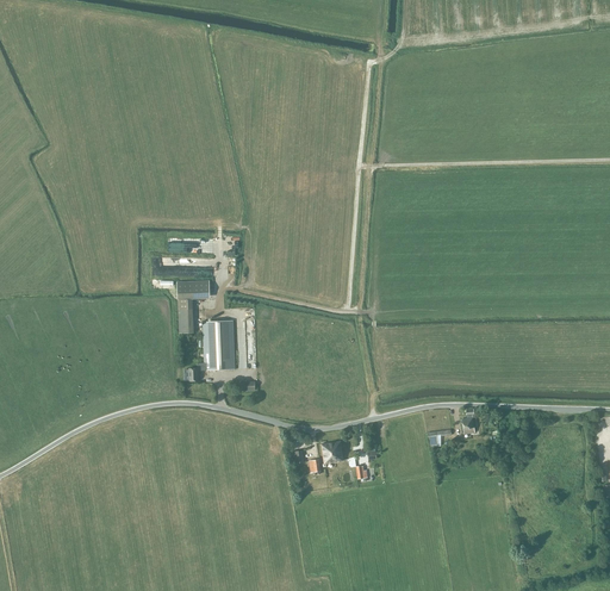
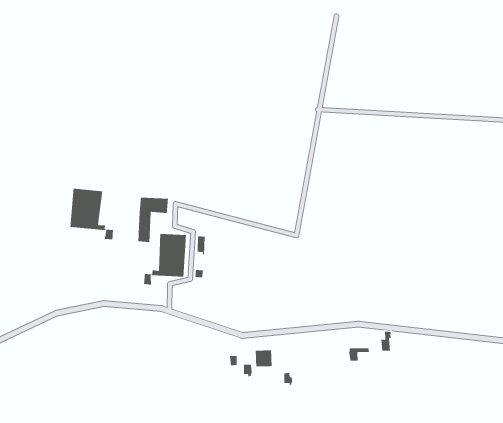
building: none -> [69,188,114,240]

